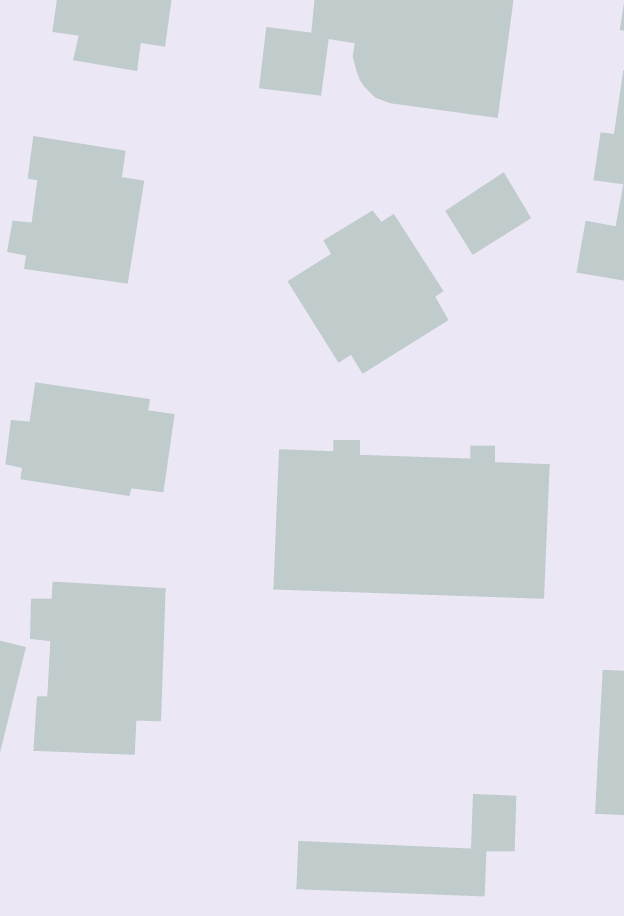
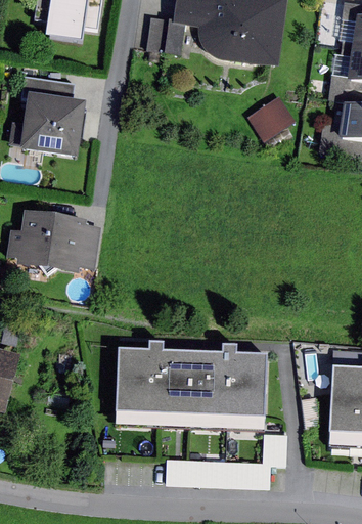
building: [287,209,450,375] -> none
building: [272,439,550,599] -> [116,341,267,428]
building: [30,581,166,755] -> none

